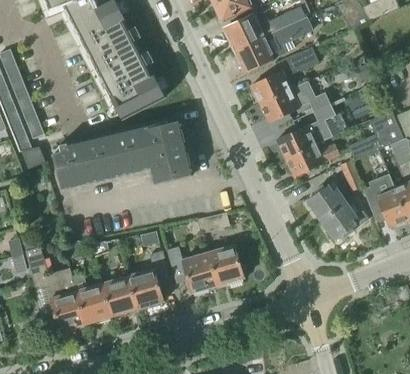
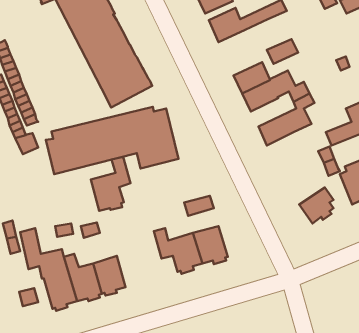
building: [235,17,312,71] -> none
building: [286,142,340,177] -> none
building: [306,185,347,221] -> none
building: [128,251,170,308] -> [91,157,131,211]

